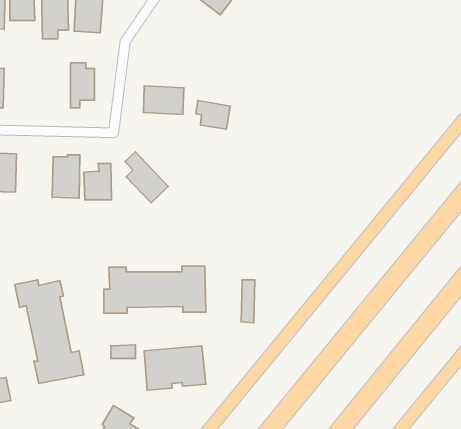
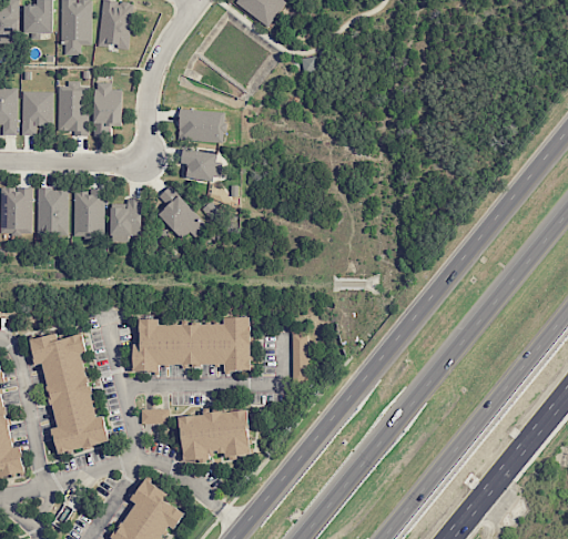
building: none -> [57,81,84,135]
building: none -> [20,91,52,134]
building: [196,100,230,129] -> [180,148,220,181]
building: none -> [36,189,68,235]

